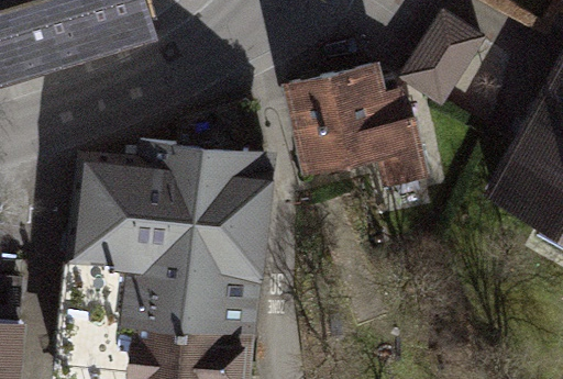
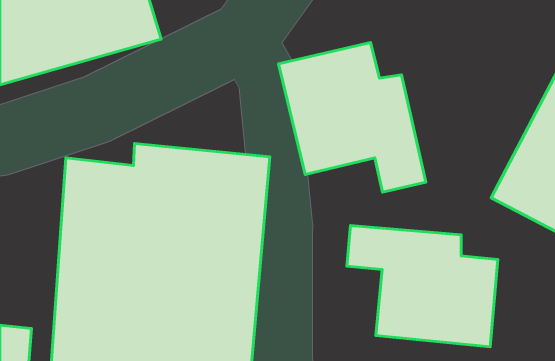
building: [400,18,486,108] -> none
building: none -> [347,225,498,347]

